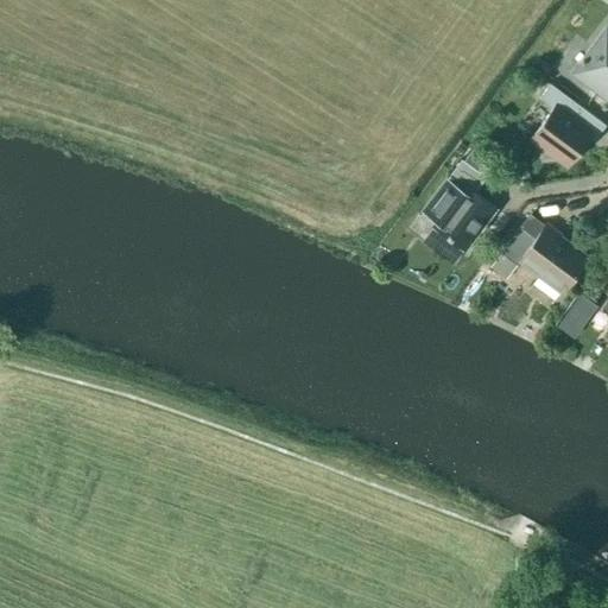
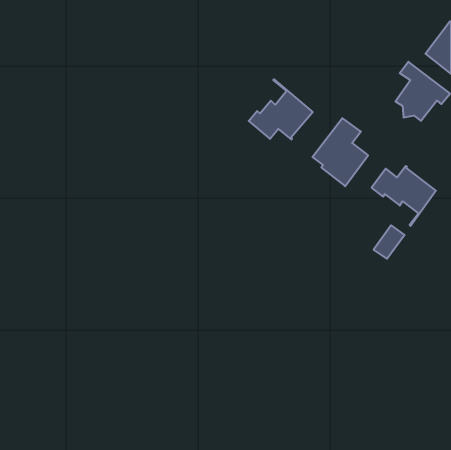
building: none -> [249,79,313,140]
building: [556,294,597,340] -> [374,225,405,259]

